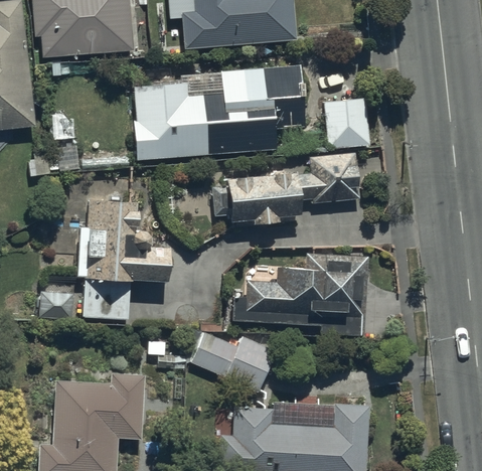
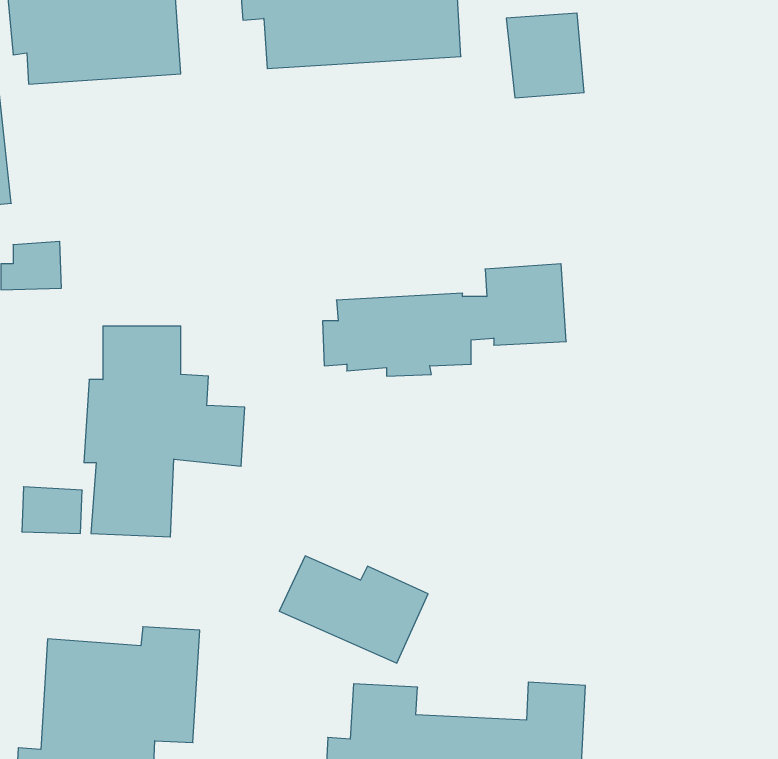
building: [134,64,309,160] -> none
building: [323,99,368,148] -> [506,13,584,98]
building: [231,252,368,338] -> none

